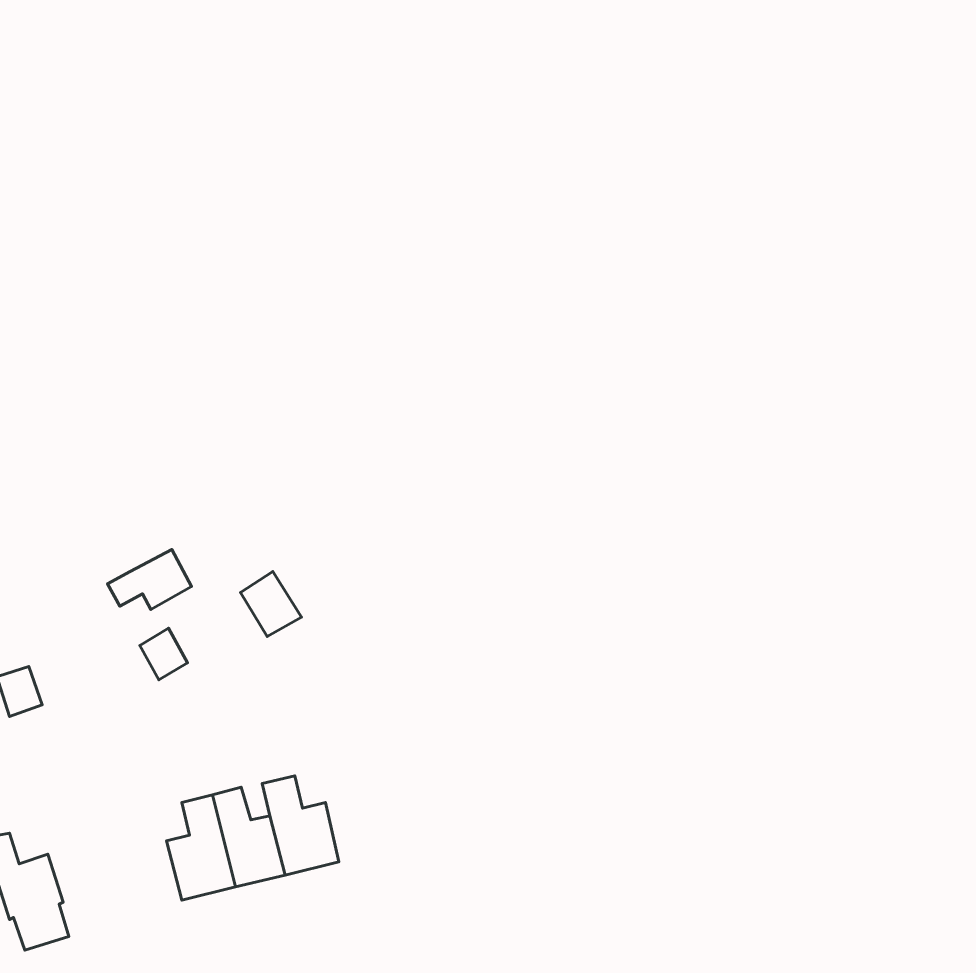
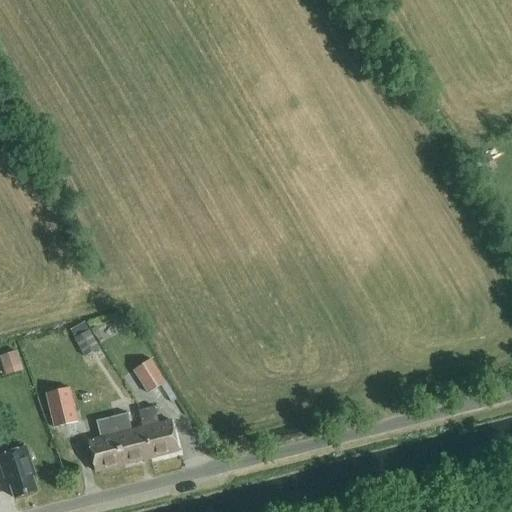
building: [108,549,192,610] -> none
building: [240,571,302,636] -> [132,357,164,391]
building: none -> [44,386,77,426]

